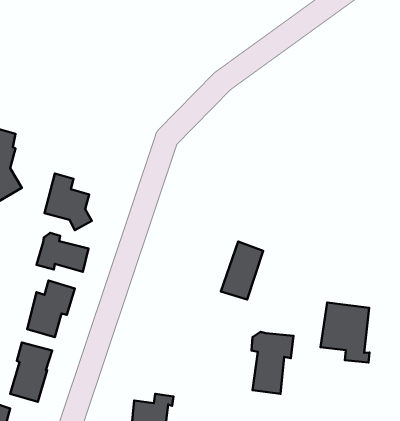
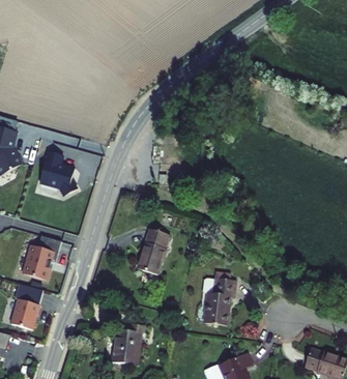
building: [37,233,89,272] -> none
building: [221,241,263,300] -> [131,226,164,271]
building: [321,303,370,363] -> none

